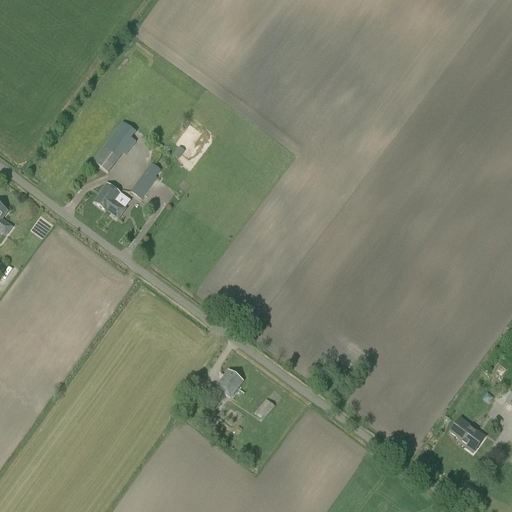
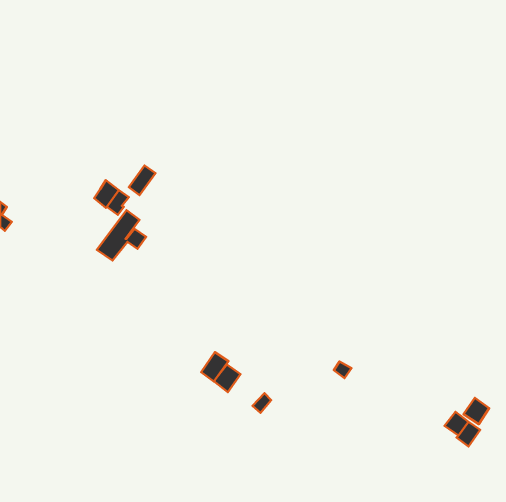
building: [92,119,142,170] -> [97,210,146,261]
building: none -> [201,352,228,381]
building: none -> [463,398,489,424]

